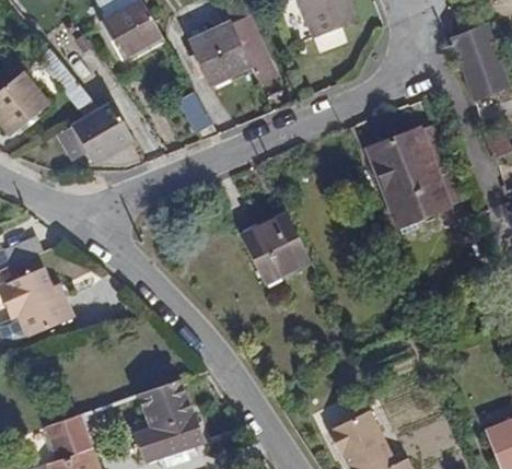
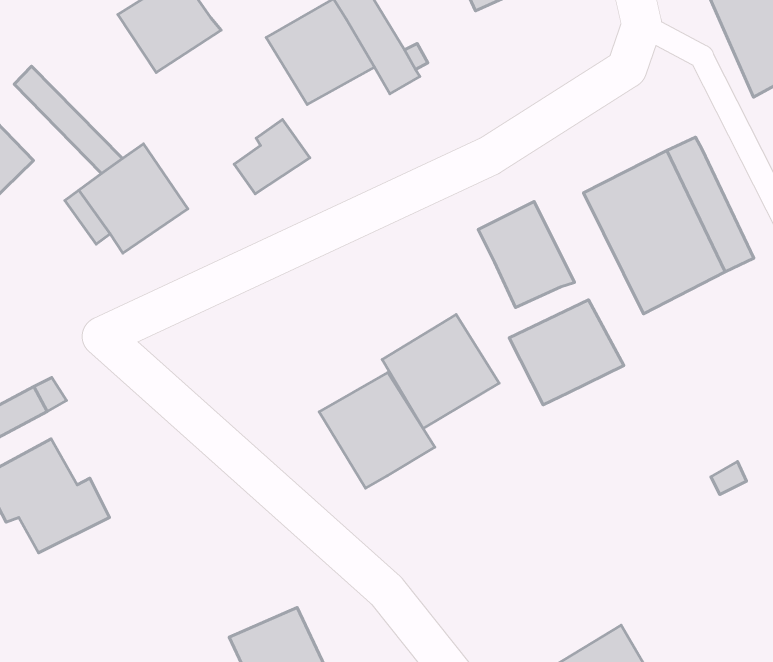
building: none -> [478,202,575,308]
building: none -> [509,300,624,405]
building: none -> [319,372,435,488]

